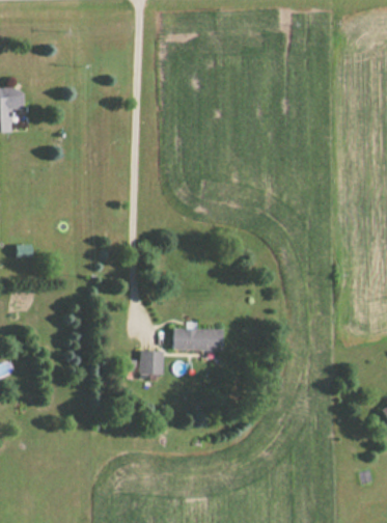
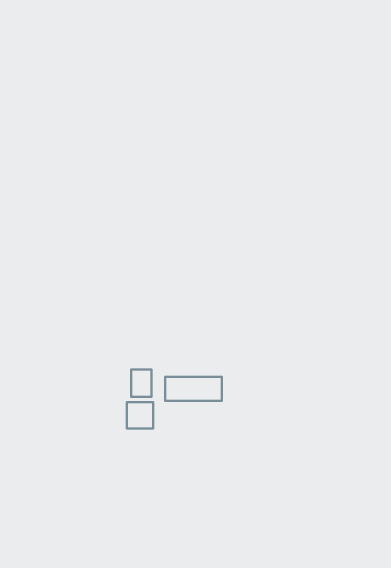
building: none -> [131,370,152,397]

